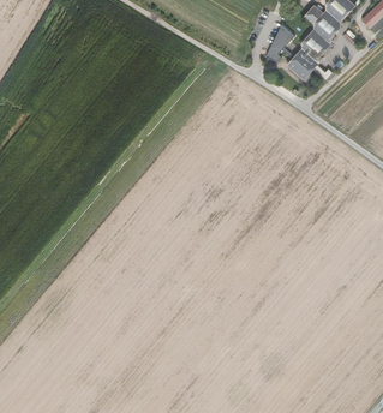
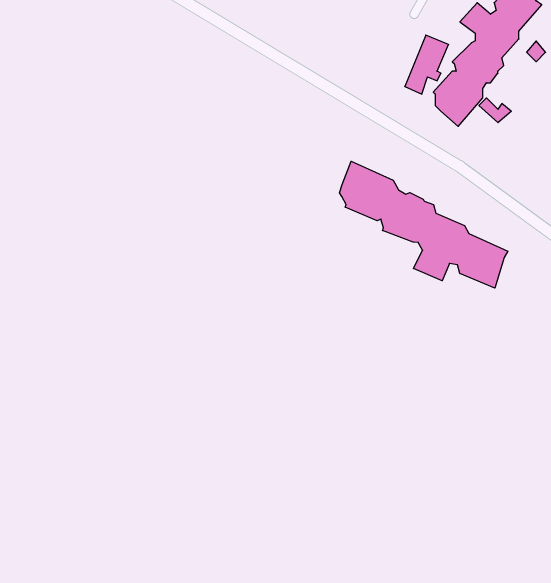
building: none -> [340,161,508,288]

